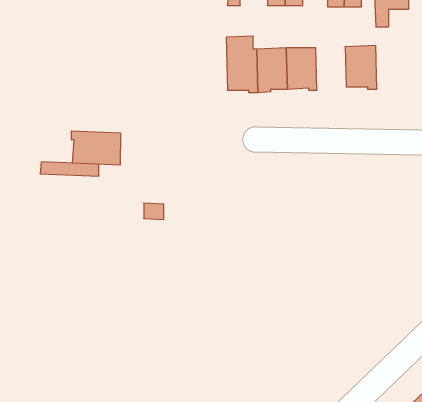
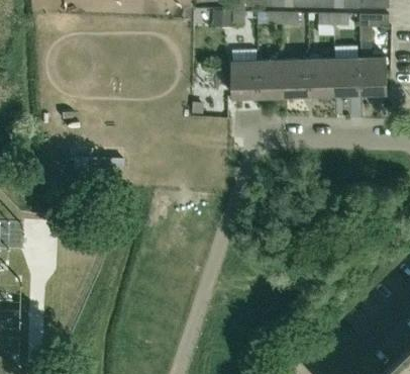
building: none -> [362,59,388,97]
building: none -> [310,61,336,98]
building: [71,131,120,165] -> none

